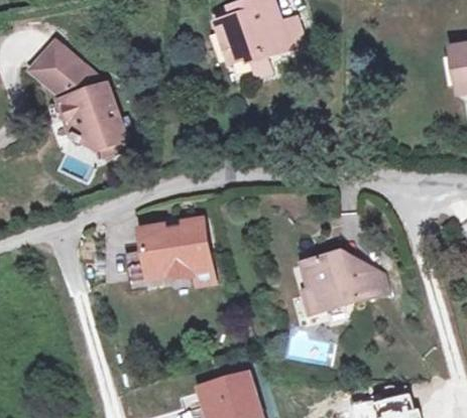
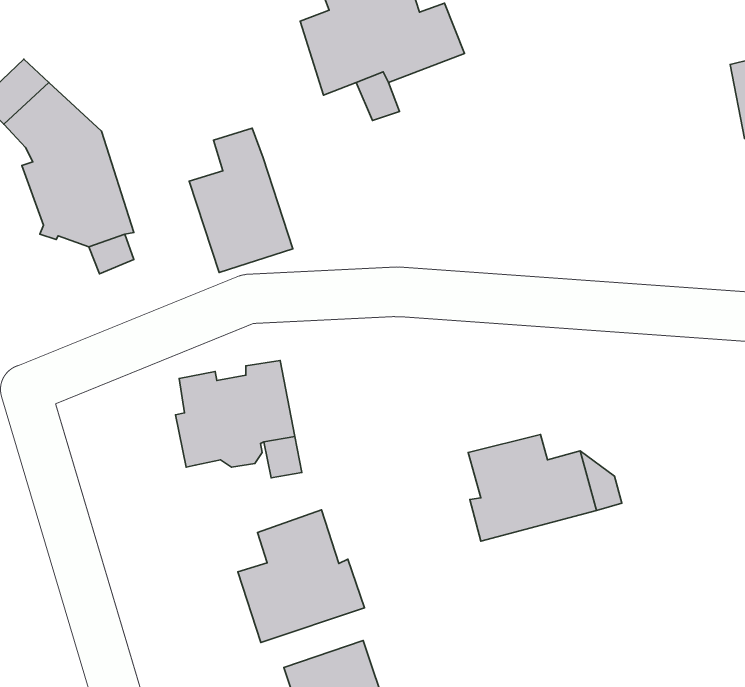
building: none -> [189,128,293,272]
building: none -> [238,510,364,642]

